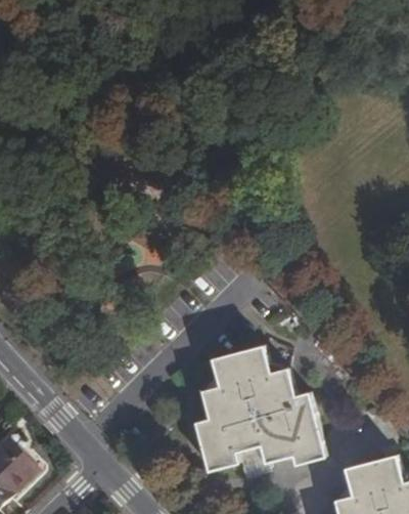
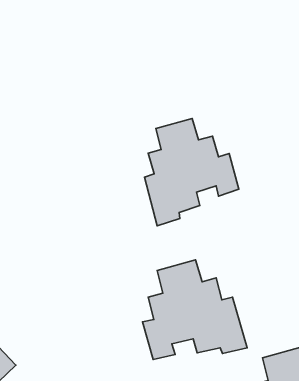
building: none -> [144,118,239,226]

